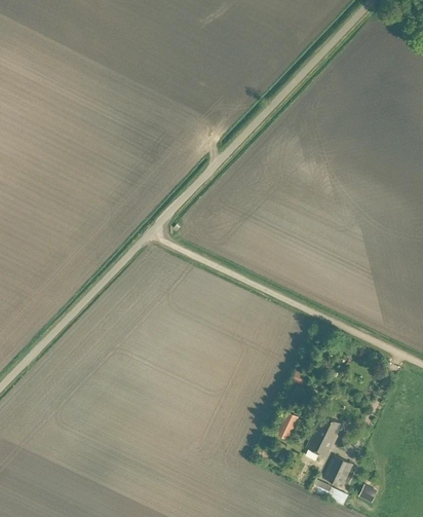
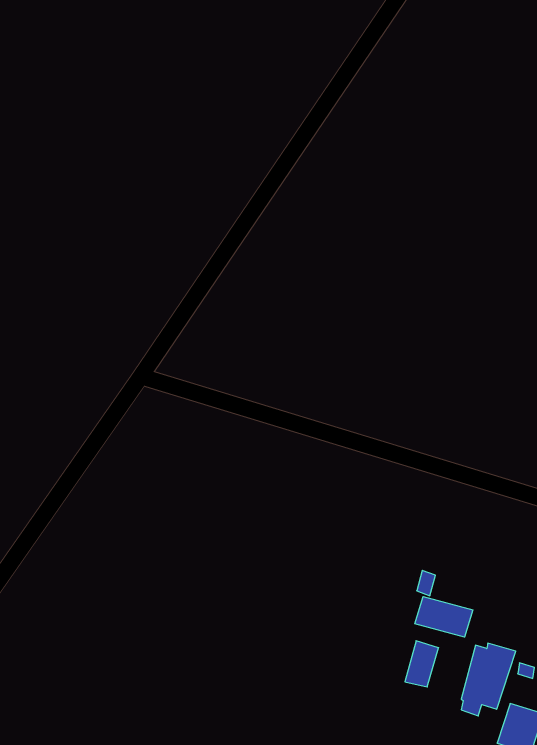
building: none -> [415,597,473,637]

